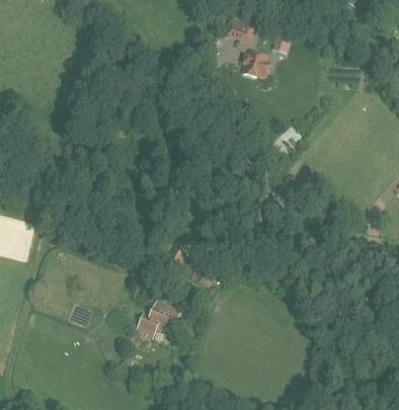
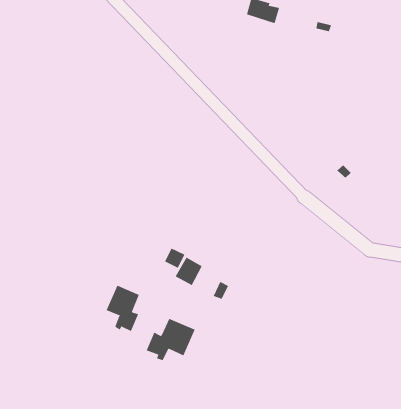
building: [243,52,269,76] -> none
building: none -> [106,285,140,332]

